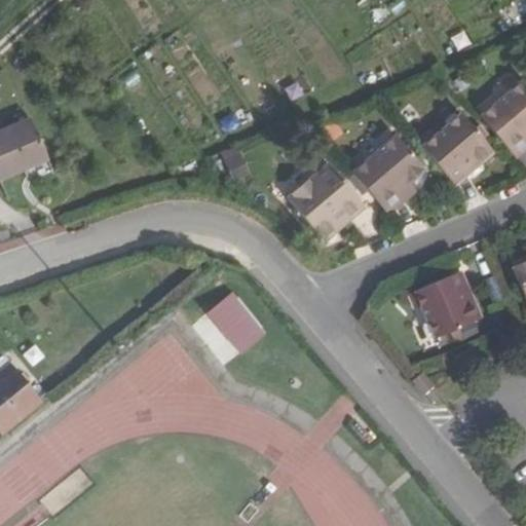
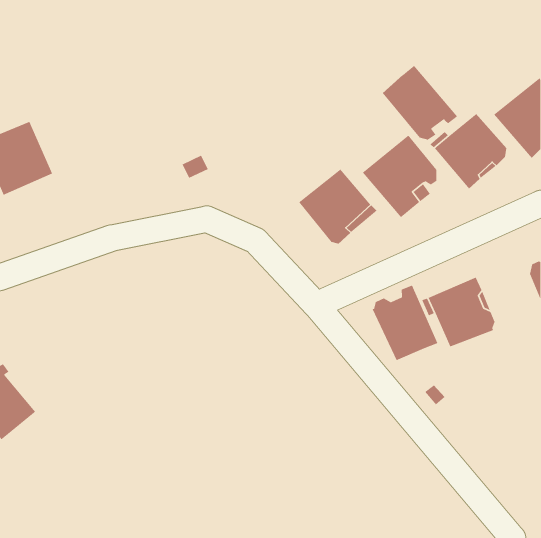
building: none -> [382,65,458,141]
building: none -> [372,284,438,361]
building: [206,293,264,353] -> none

